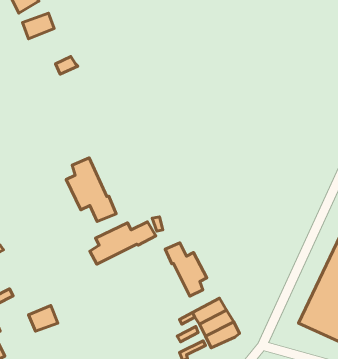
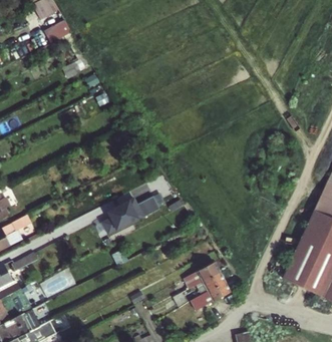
building: [66,158,116,222] -> none
building: [165,243,207,296] -> none

